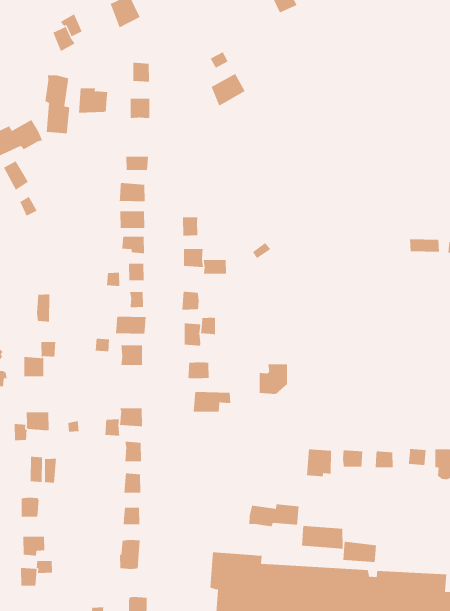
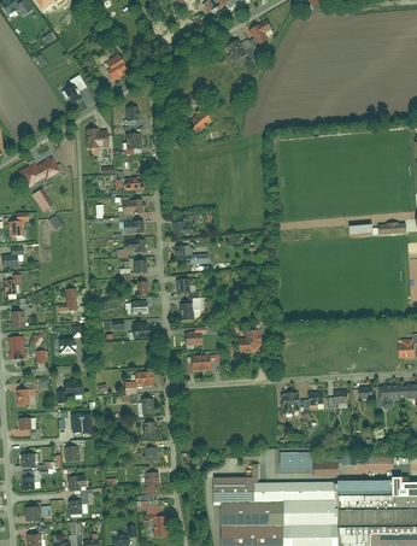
building: [45,74,70,134] -> none
building: [249,504,299,527] -> none

